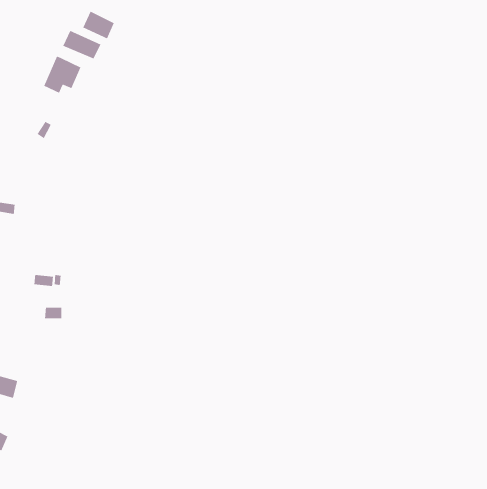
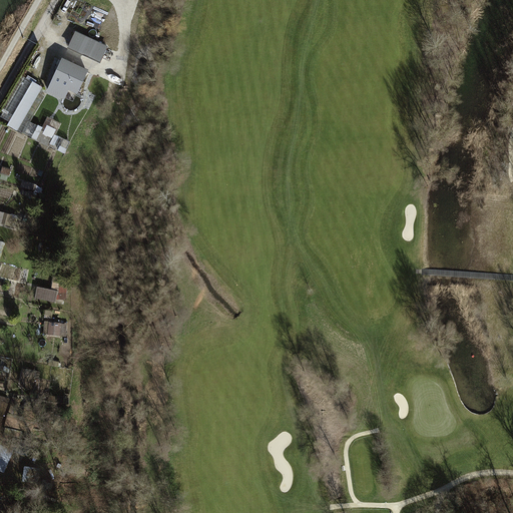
building: [82,11,115,39] -> none
building: none -> [7,79,45,133]

